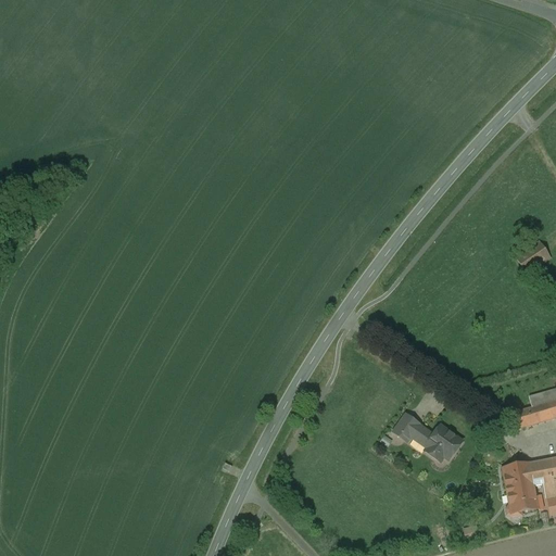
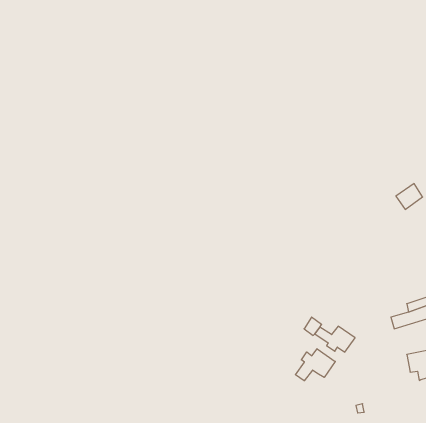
building: none -> [295,349,335,381]
building: [503,462,539,516] -> none

